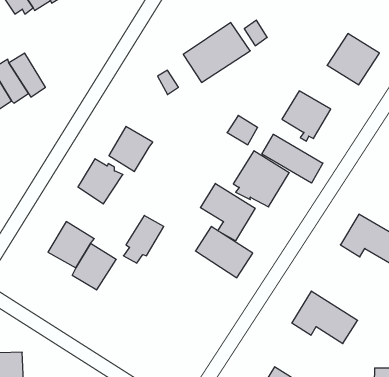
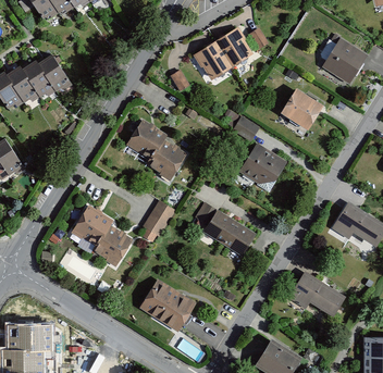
building: [262,134,323,183] -> none
building: [78,159,123,204] -> [147,139,187,179]
building: [200,183,255,241] -> none
building: none -> [138,278,197,333]

